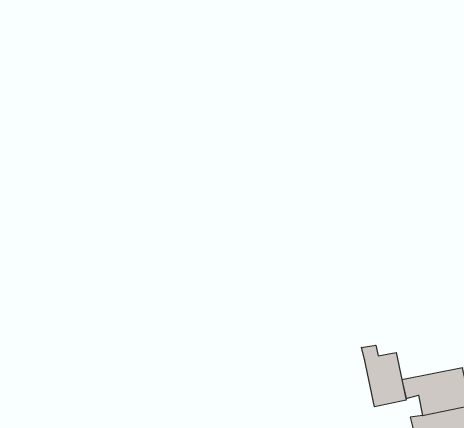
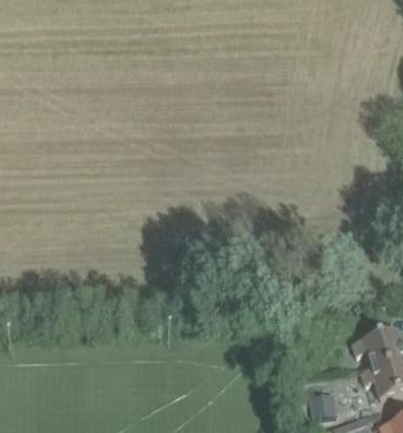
building: [361,345,406,407] -> none

